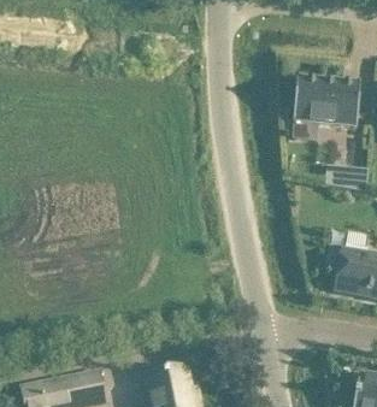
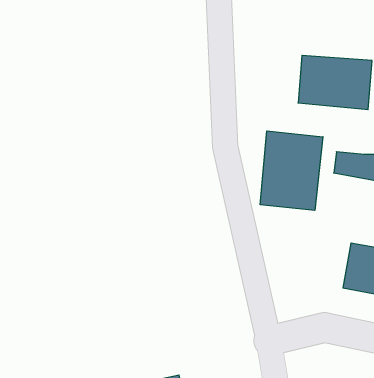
building: none -> [260,131,323,210]

